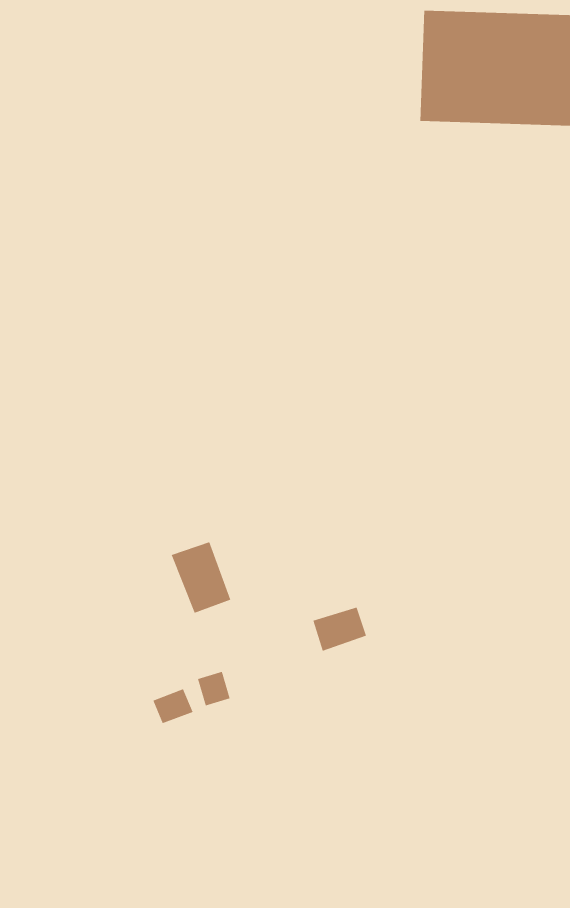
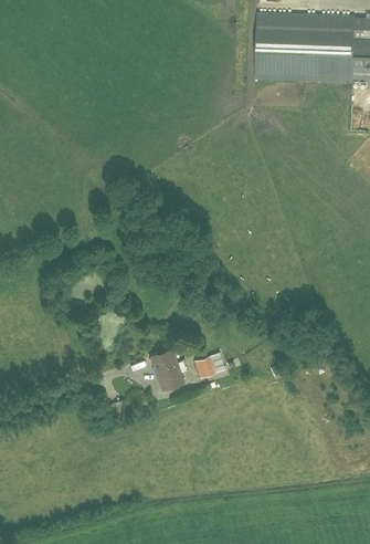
building: [171,541,231,613] -> [149,347,183,388]

